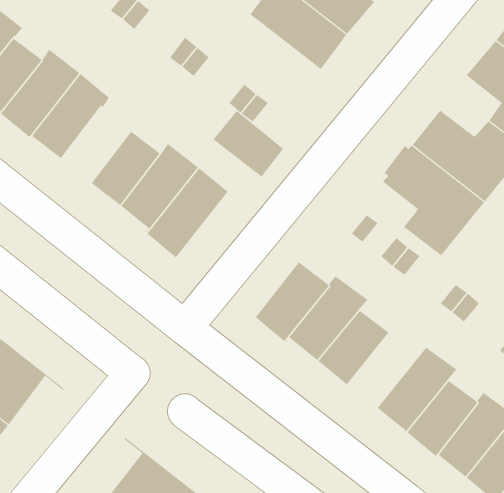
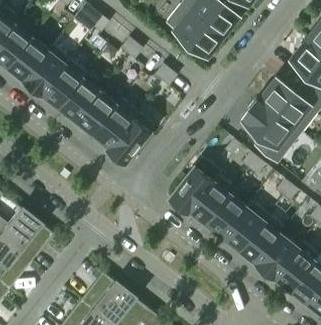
building: none -> [57,77,97,121]
building: [213,110,284,178] -> none
building: none -> [221,201,266,250]

